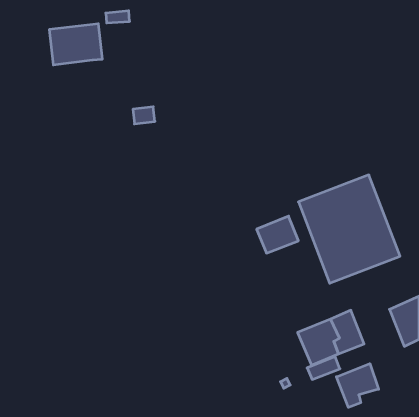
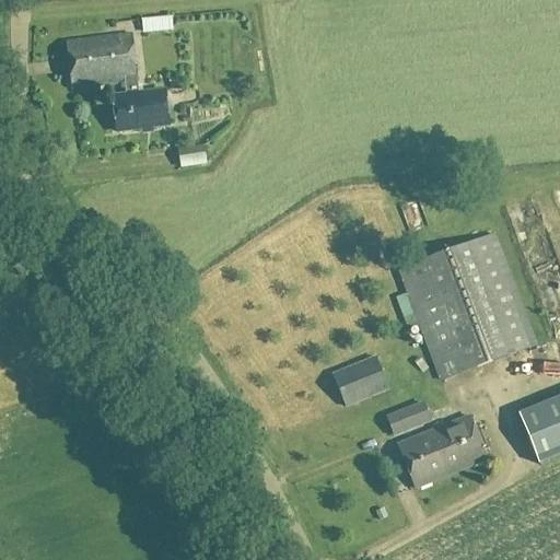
building: none -> [113,79,167,129]
building: [257,216,298,253] -> [331,355,387,405]
building: [307,356,340,379] -> [386,401,430,432]
building: [336,364,379,407] -> none

